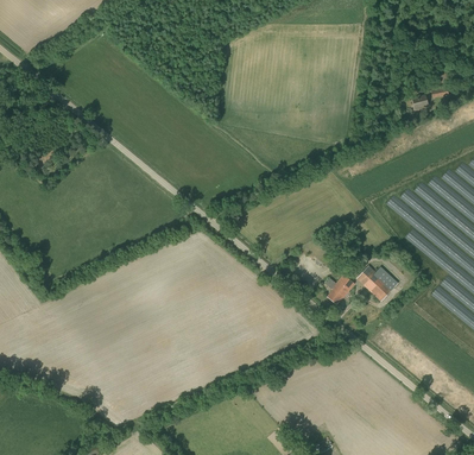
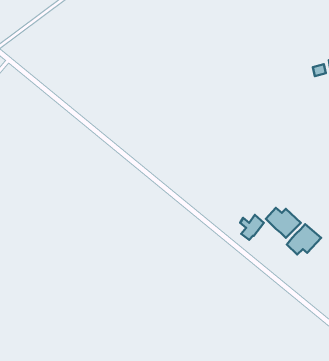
building: none -> [287,224,321,255]

